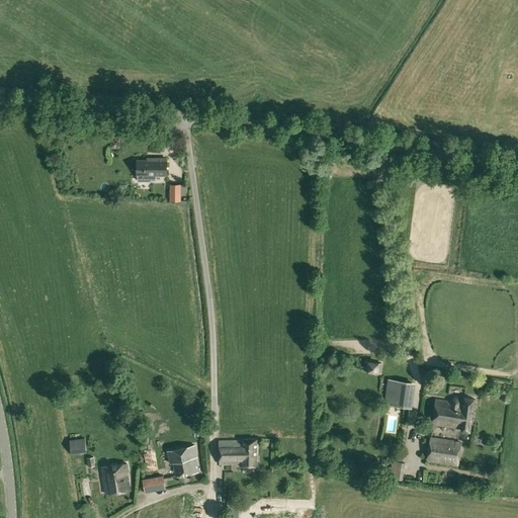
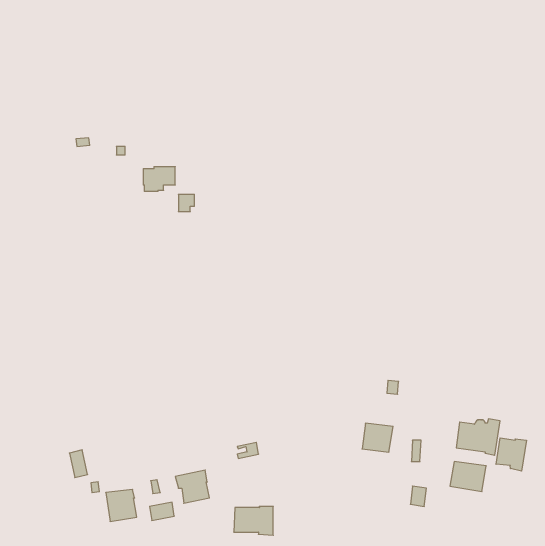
building: [384,379,414,407] -> [362,423,393,452]
building: none -> [496,438,526,471]
building: [218,439,255,466] -> [234,506,273,535]

